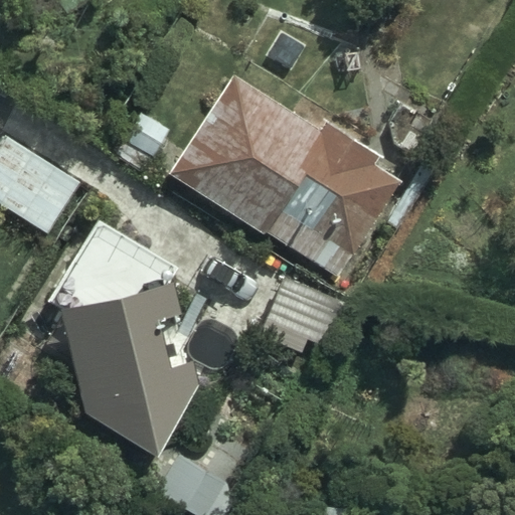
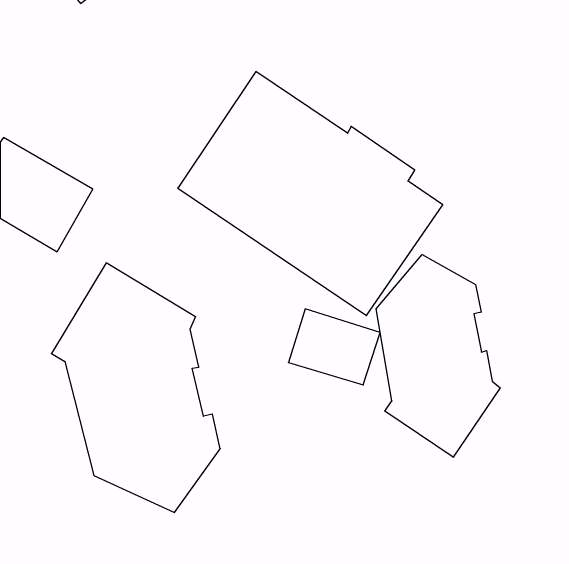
building: none -> [376,255,500,457]

